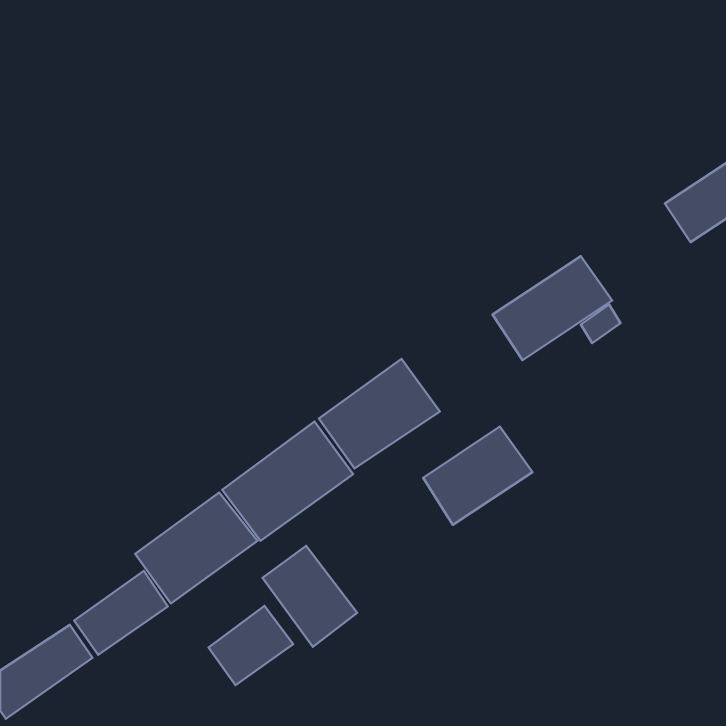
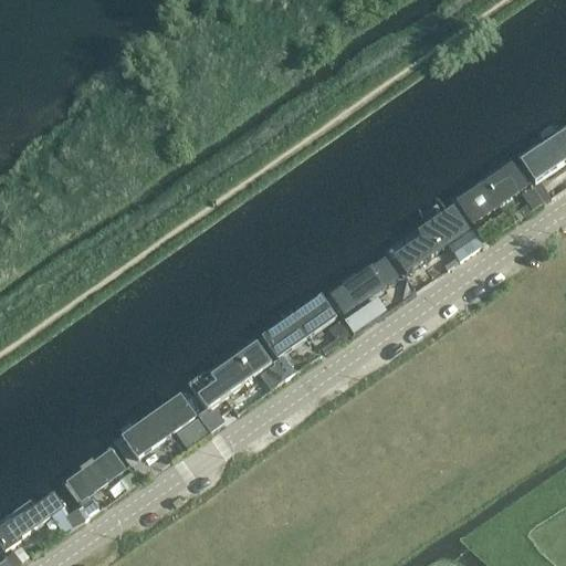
building: none -> [454,157,535,232]
building: [423,427,533,525] -> [321,245,406,322]
building: [263,546,357,647] -> none
building: [208,606,293,685] -> none

